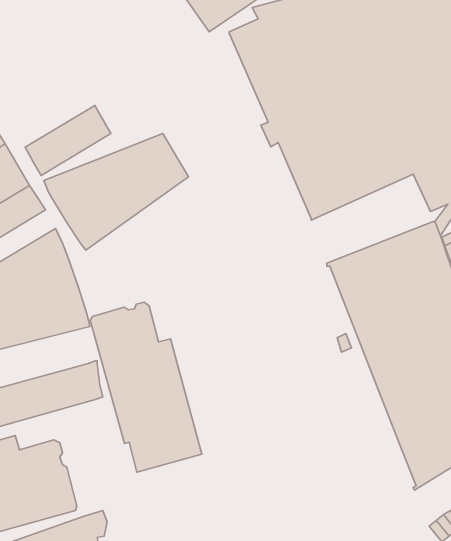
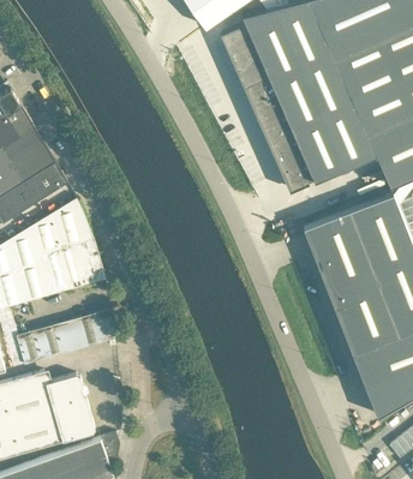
building: [25,105,111,175] -> none
building: [44,134,189,250] -> none
building: [90,302,202,472] -> none

